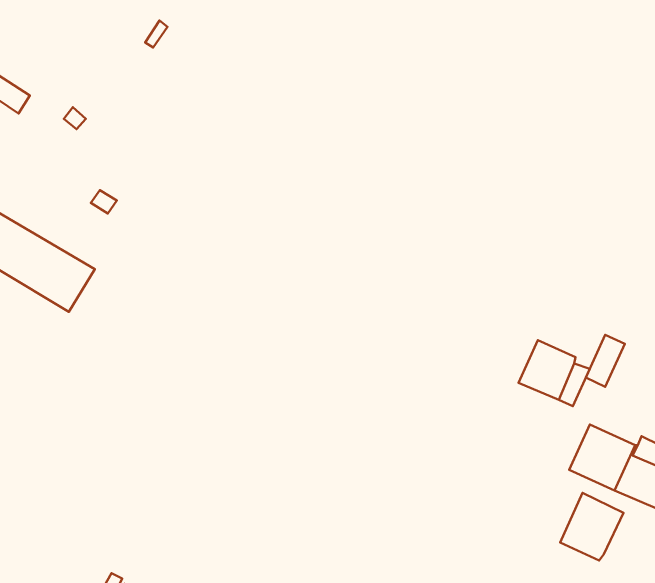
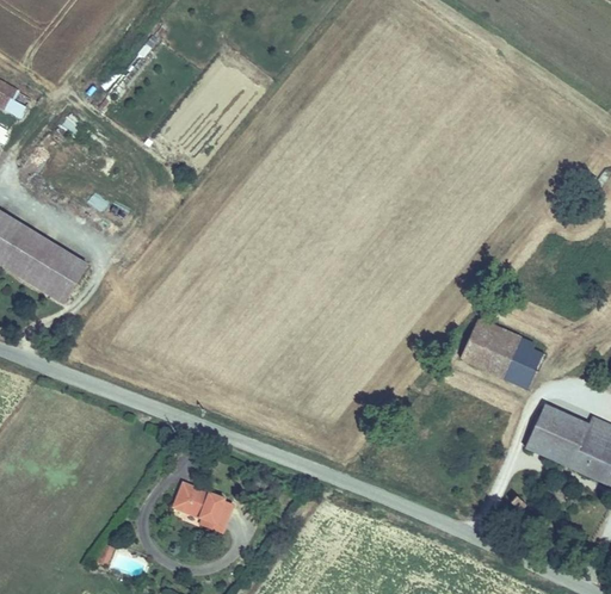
building: [586,335,625,387] -> [461,320,496,367]
building: [560,493,623,560] -> none
building: none -> [175,485,230,532]

